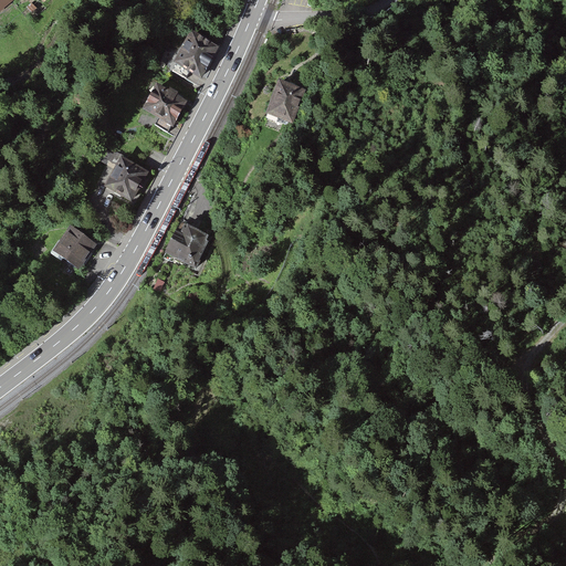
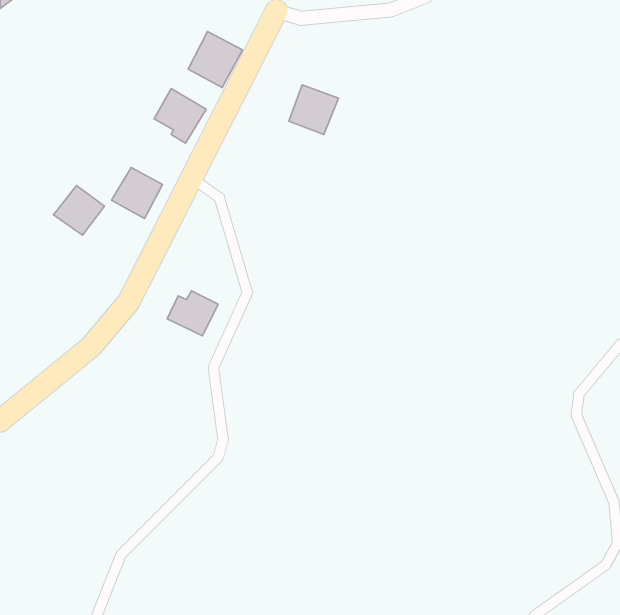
building: [52,226,98,271] -> [54,186,104,235]
building: [165,226,211,266] -> [167,291,218,336]

